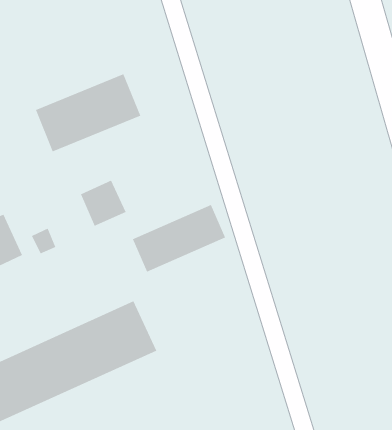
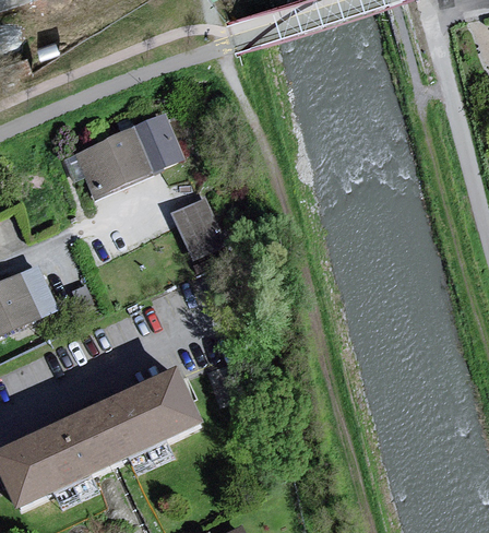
building: [80,180,127,226] -> [170,200,220,250]
building: [132,204,226,272] -> none

